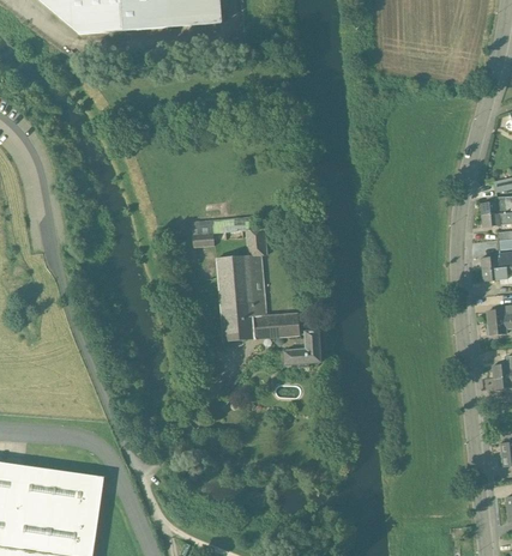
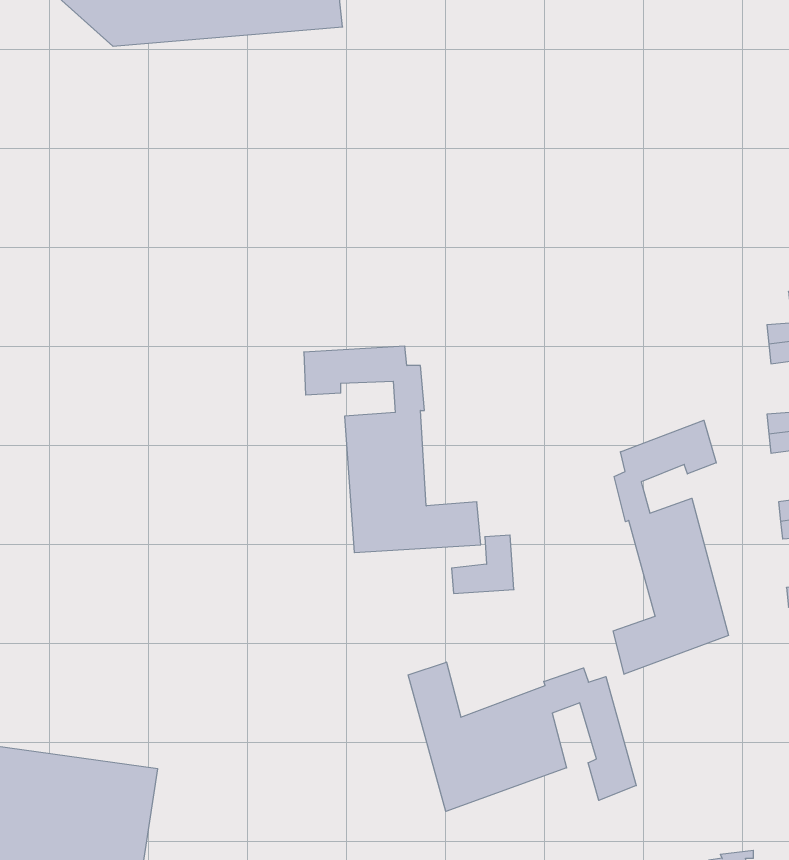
building: none -> [613,420,729,674]
building: none -> [408,662,636,811]

